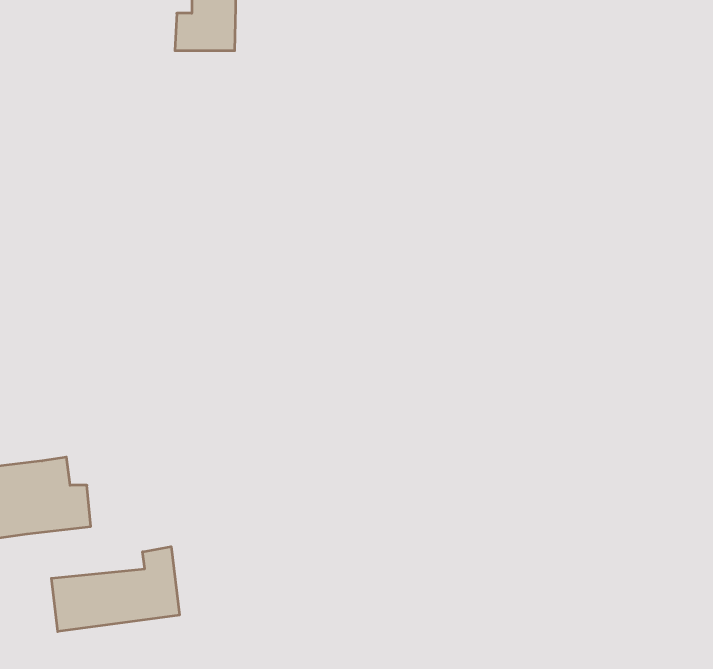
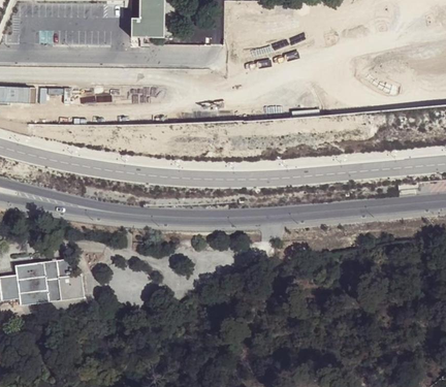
building: [51,547,179,632] -> none

